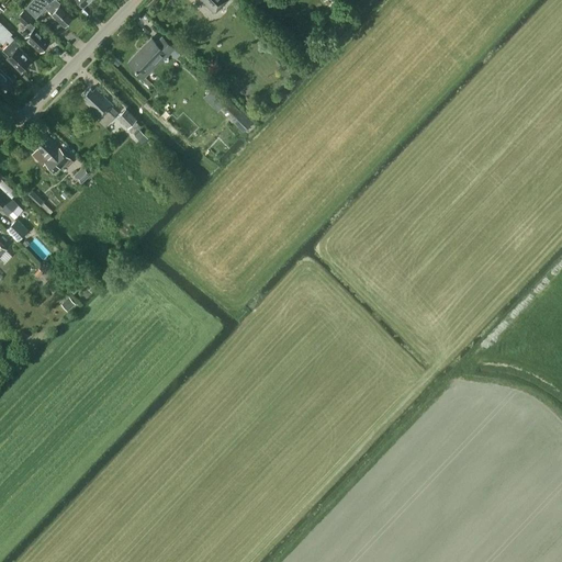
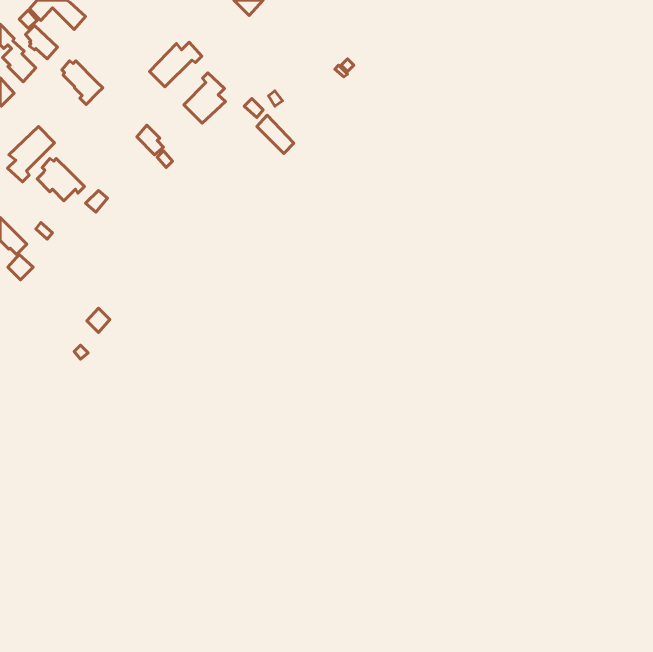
building: none -> [184,73,226,123]
building: [83,89,119,126] -> [62,61,103,104]
building: none -> [8,127,55,182]

